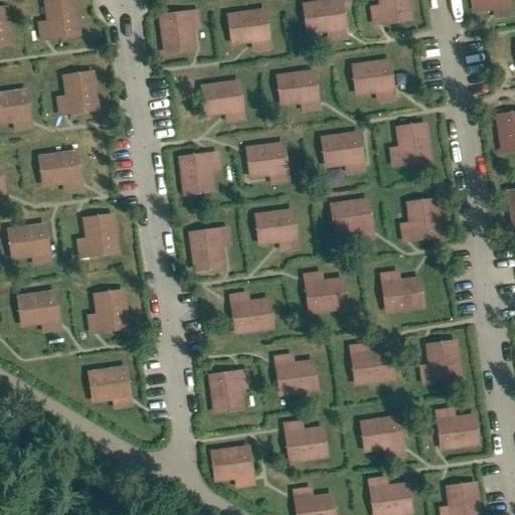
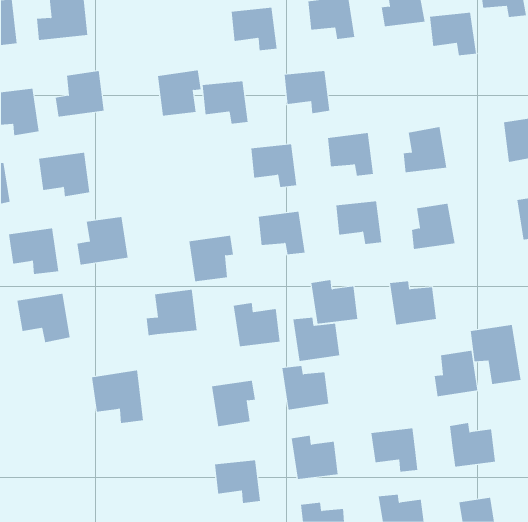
building: [155,10,198,55] -> [157,70,202,116]
building: [349,56,395,99] -> [429,12,477,56]
building: [174,152,218,197] -> none
building: [85,284,136,329] -> [146,289,198,336]
building: none -> [470,324,521,385]
building: [349,347,395,390] -> [292,317,340,362]

